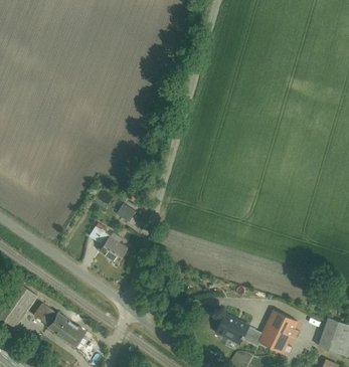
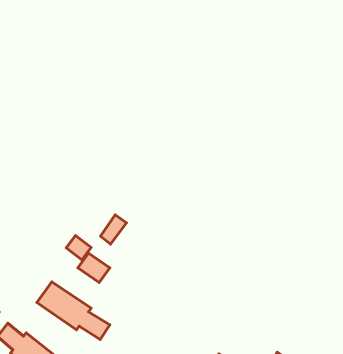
building: none -> [37,282,110,340]

